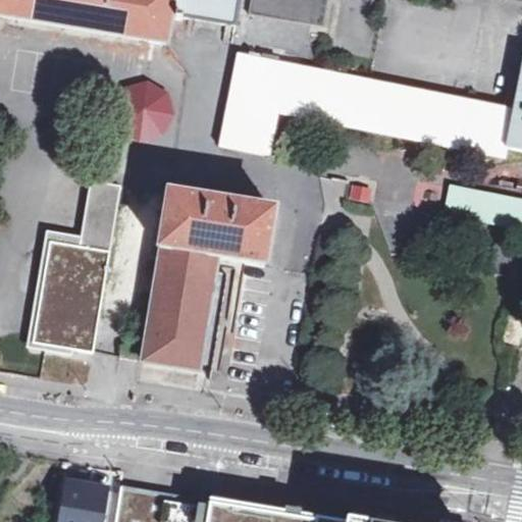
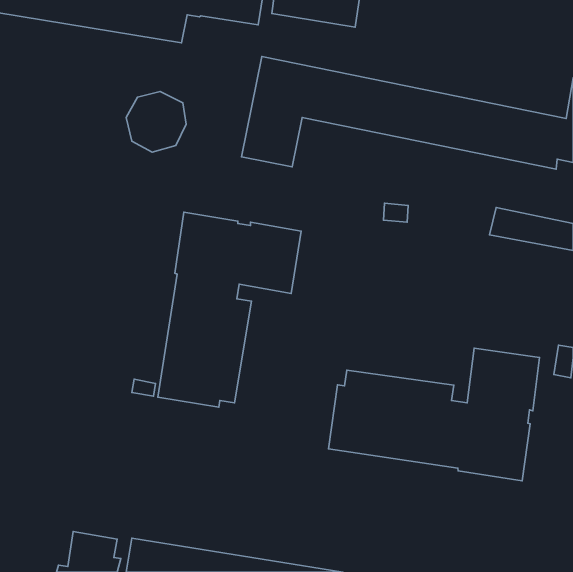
building: [33,179,119,354] -> none
building: none -> [329,348,540,481]

